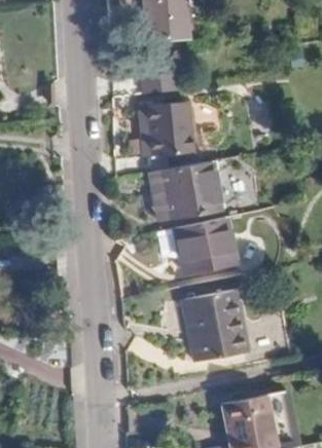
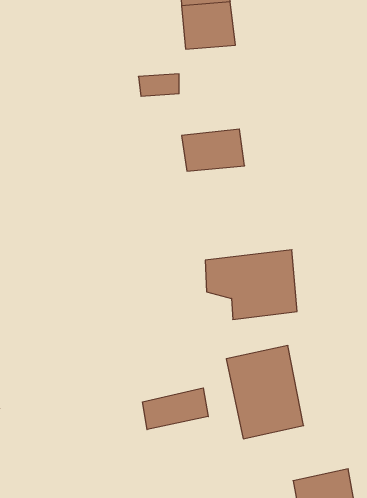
building: [144,105,191,130] -> none
building: [153,166,220,218] -> none
building: none -> [143,388,208,430]

